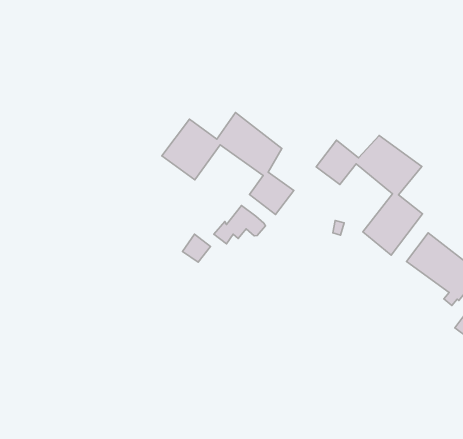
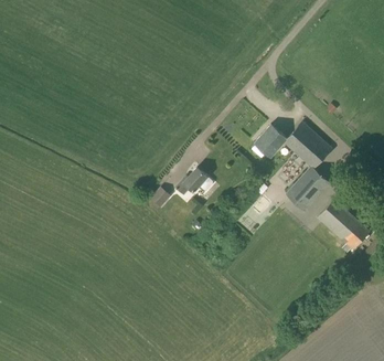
building: [162,112,294,214] -> none

